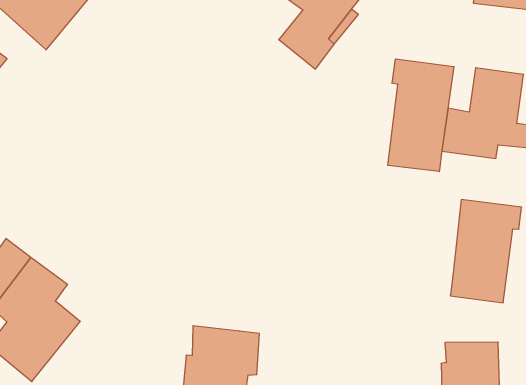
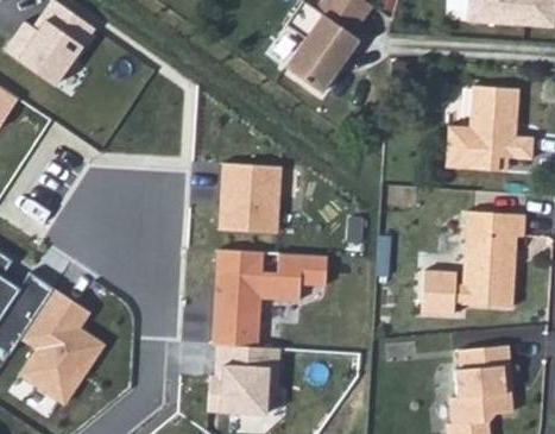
building: [388,59,454,172] -> none
building: none -> [220,163,283,235]
building: none -> [213,251,329,350]
building: none -> [422,270,462,314]

